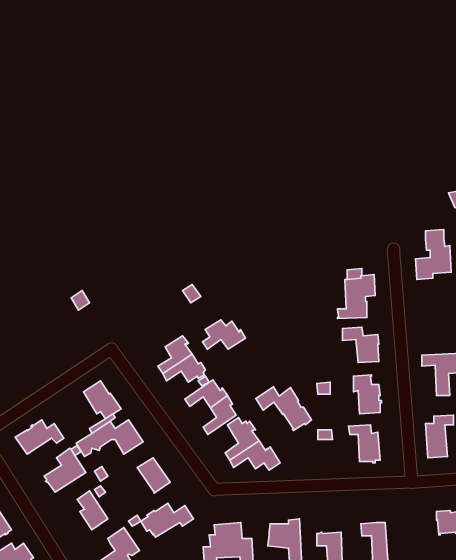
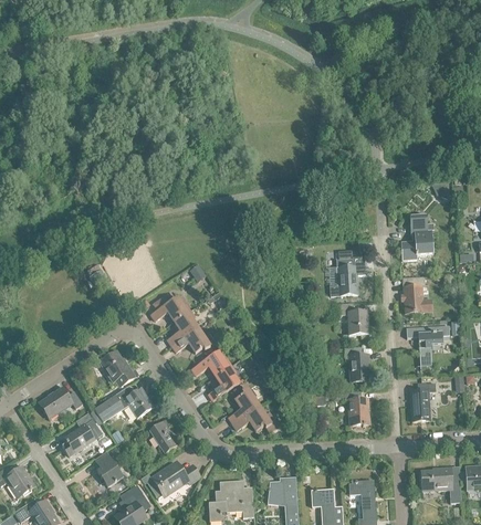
building: none -> [402,276,432,313]
building: [203,320,245,349] -> [150,294,189,321]
building: [256,387,312,431] -> none

